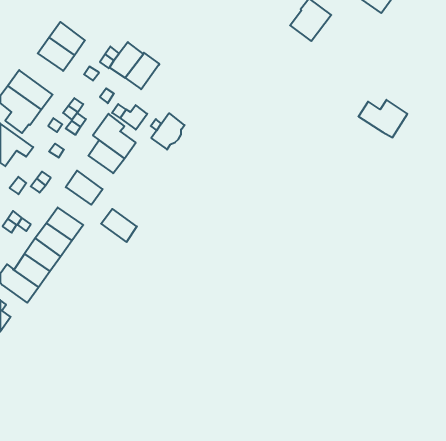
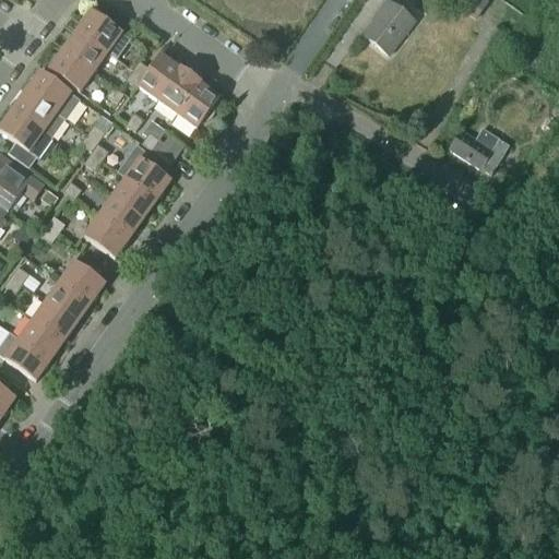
building: none -> [78,8,131,57]
building: none -> [26,68,82,118]
building: [151,114,185,150] -> [178,81,219,126]
building: [101,209,137,242] -> [98,194,143,236]

